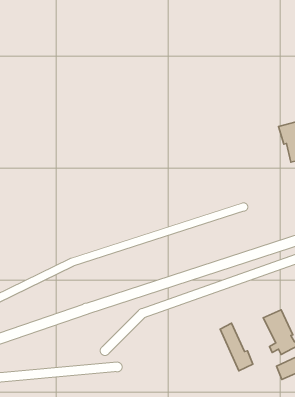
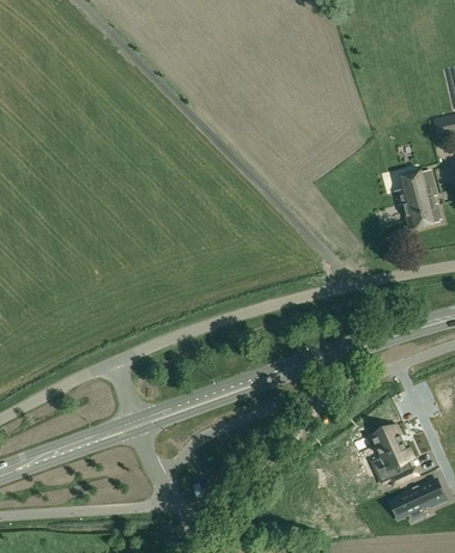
building: [220,323,253,371] -> none

